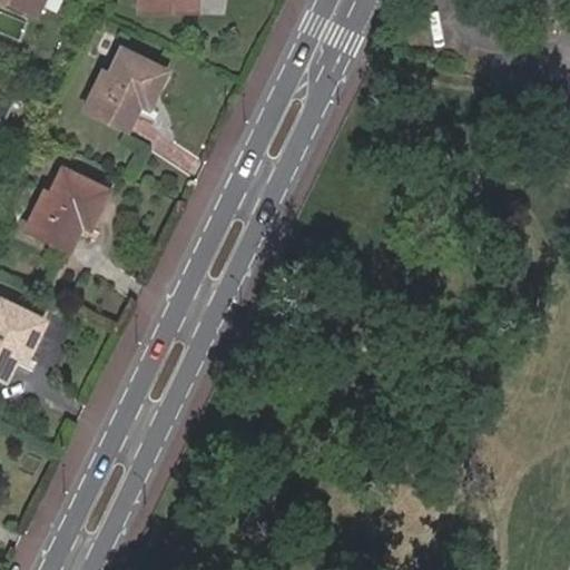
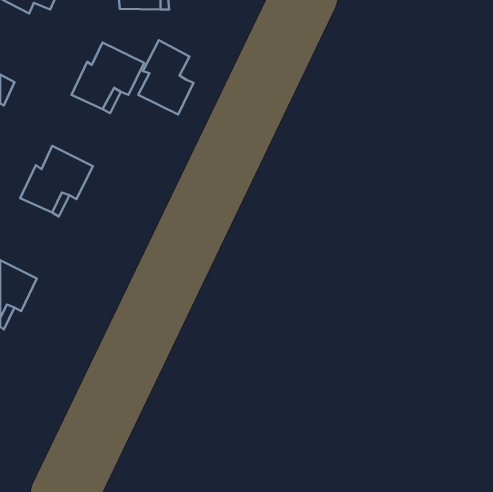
building: none -> [138,40,194,114]

